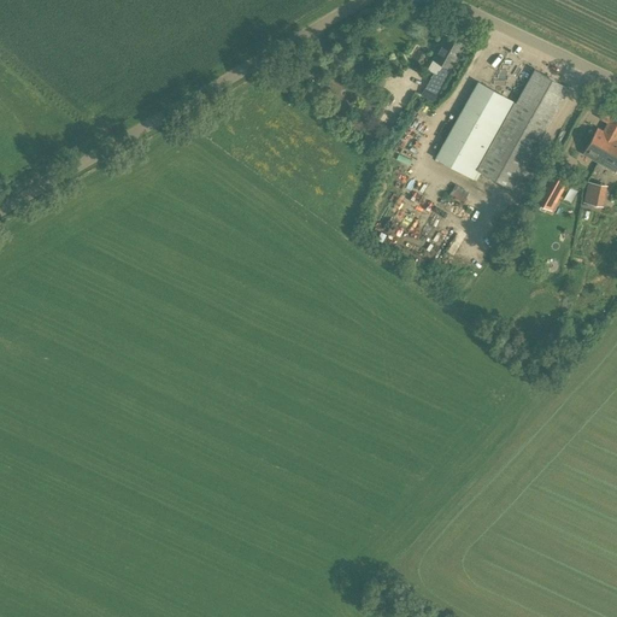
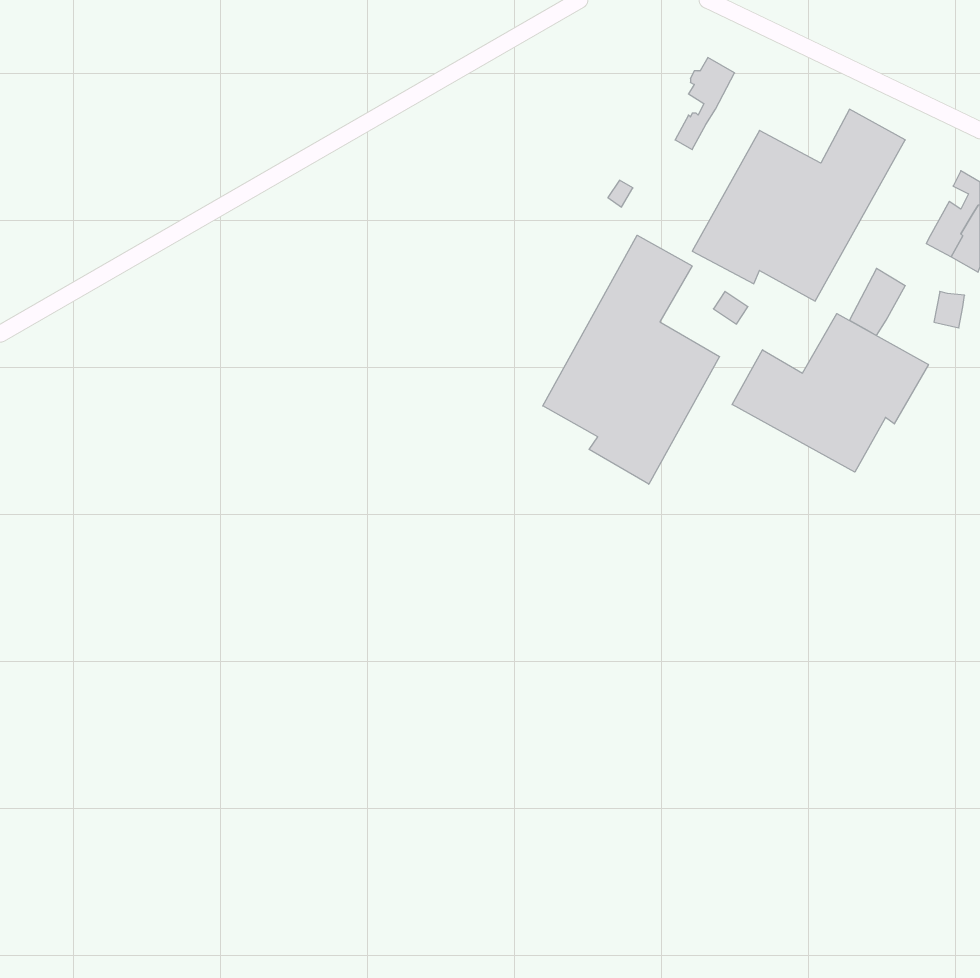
building: none -> [543,235,720,484]
building: none -> [732,314,928,472]

